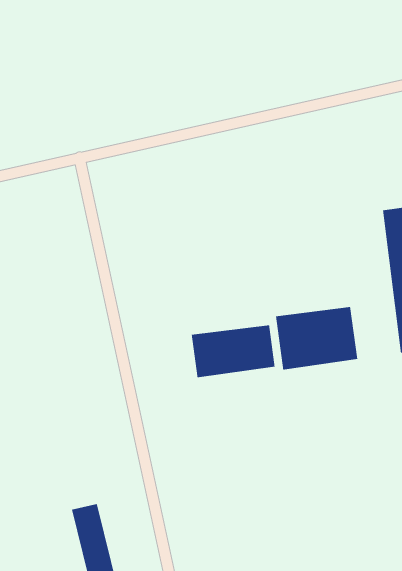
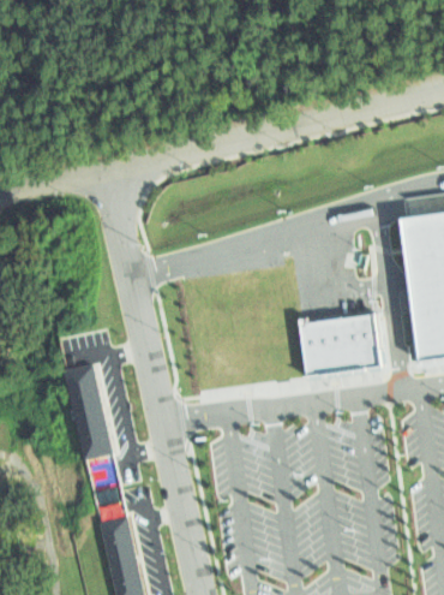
building: [191,324,275,378] -> none
building: none -> [62,362,112,457]

